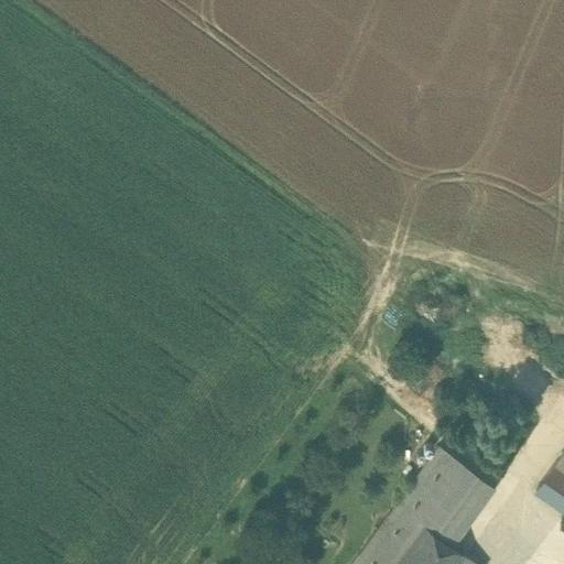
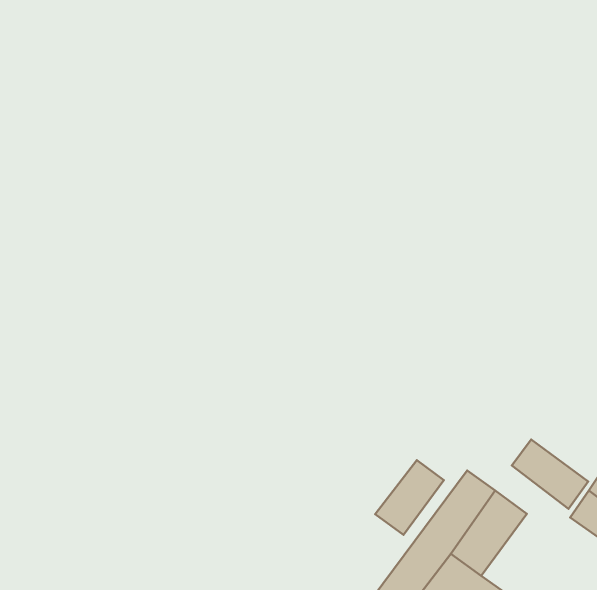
building: none -> [512,440,588,509]
building: none -> [375,460,444,535]

